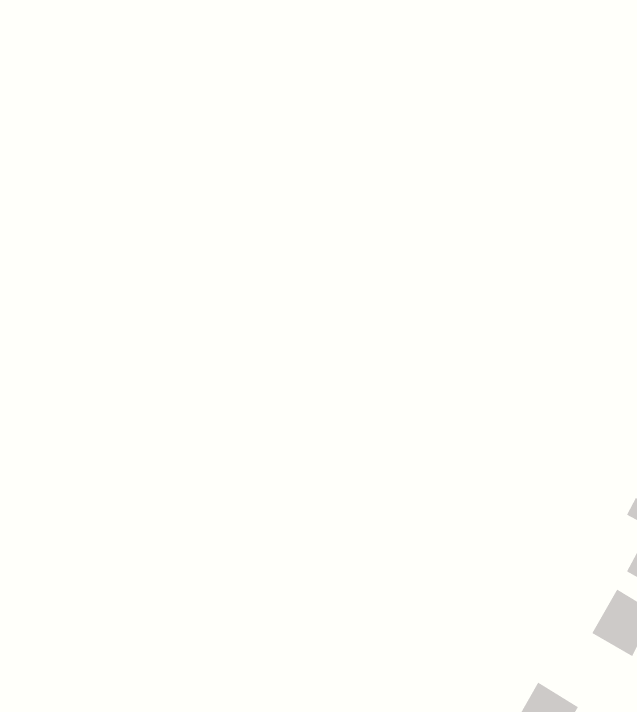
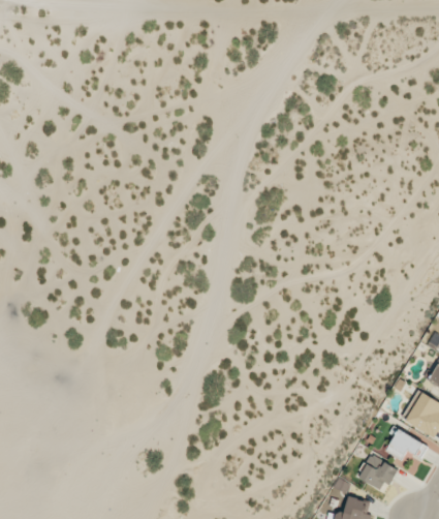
building: none -> [386,430,429,459]

